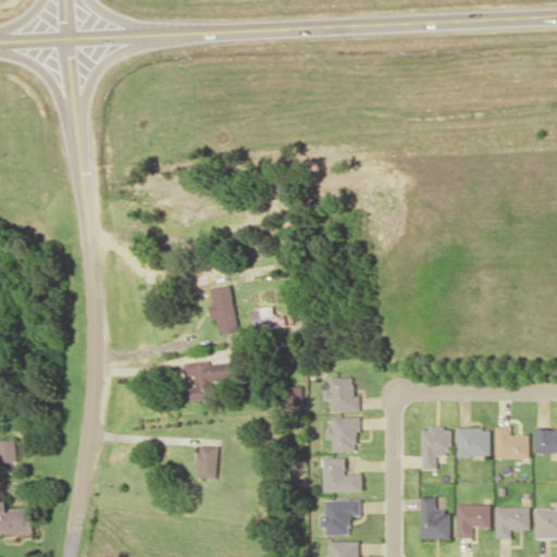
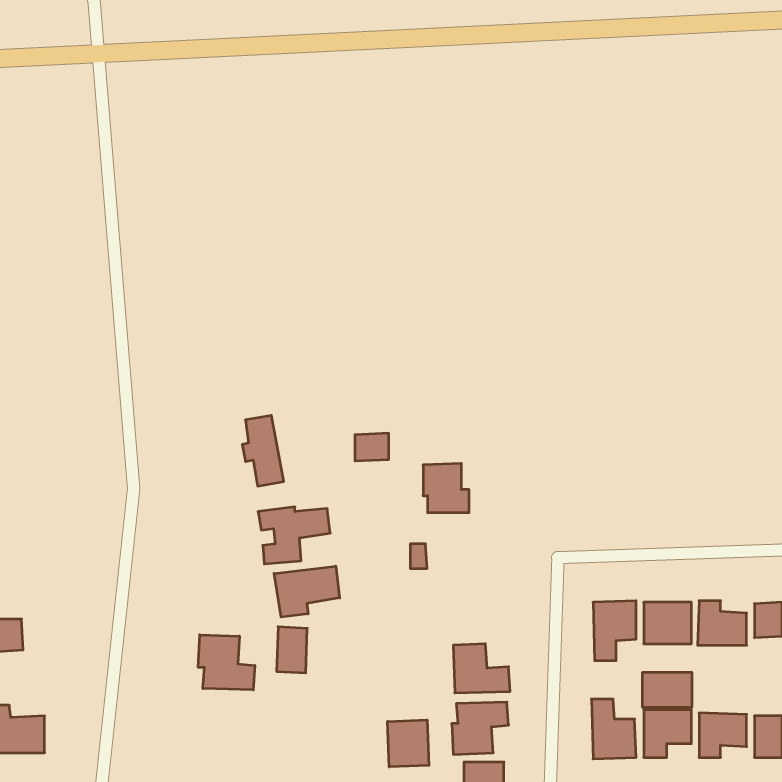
building: [209,286,238,336] -> [242,415,284,486]
building: [325,377,358,412] -> [423,463,469,513]
building: none -> [274,566,340,617]
building: [323,417,357,453] -> none
building: none -> [198,635,255,690]
building: none -> [643,672,692,707]
building: none -> [388,720,429,767]

